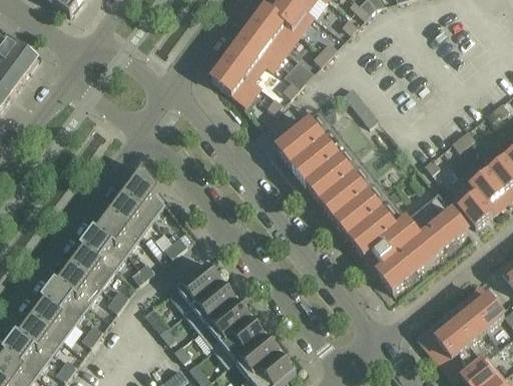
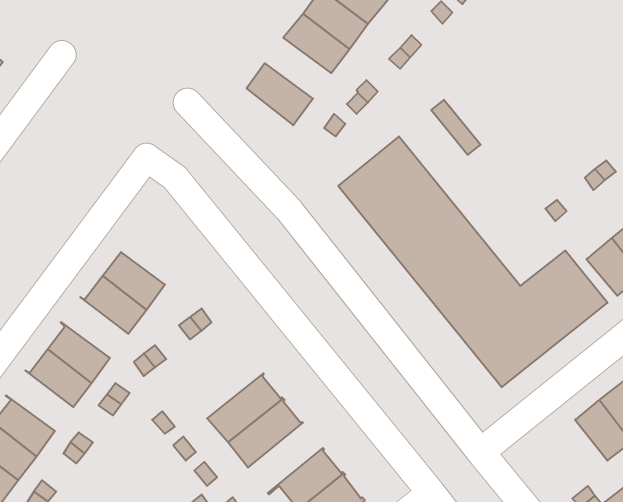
building: [224,42,272,85] -> none
building: [122,167,164,218] -> none
building: [80,227,127,270] -> none
building: [176,262,223,313] -> none
building: [41,279,88,322] -> none
building: [427,314,468,357] -> none
building: [212,316,266,366] -> none

